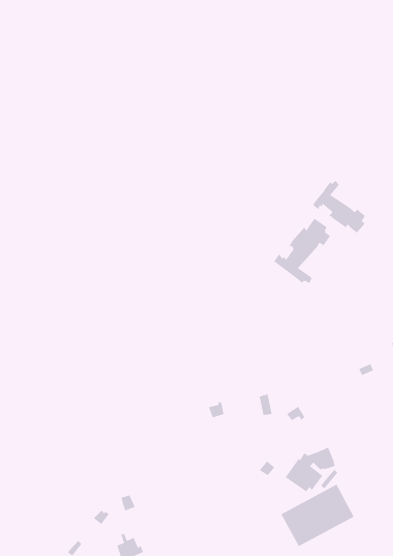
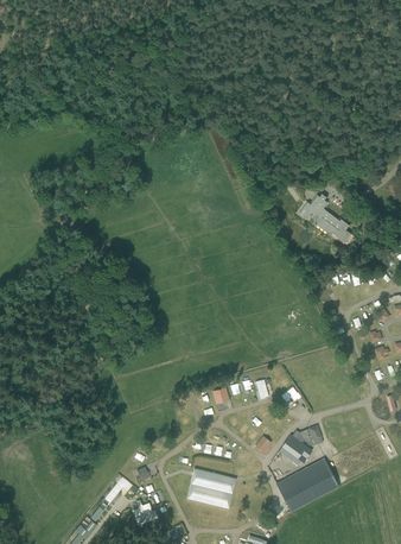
building: [273,218,330,284] -> none
building: none -> [186,468,236,508]

